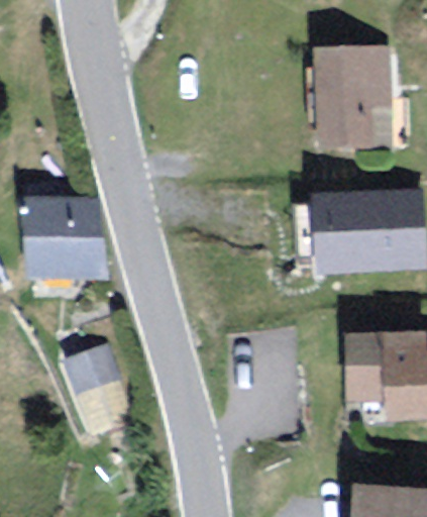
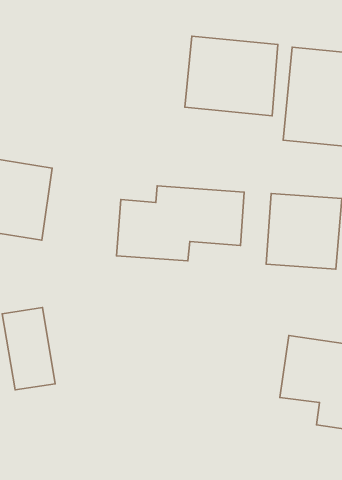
building: none -> [185,36,278,116]
building: none -> [117,186,244,261]

